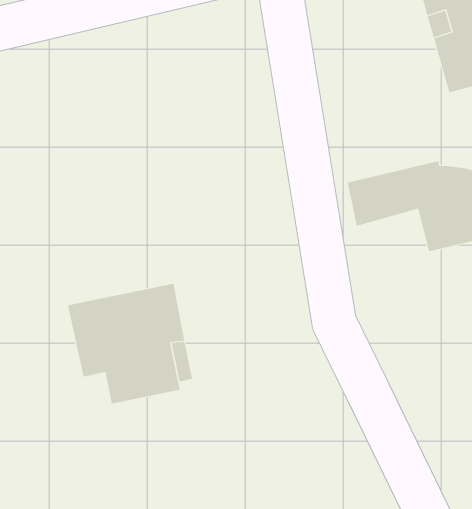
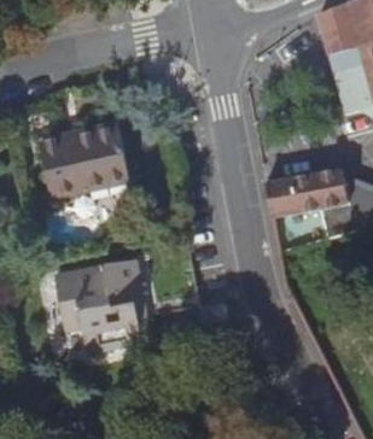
building: none -> [36,123,127,199]

